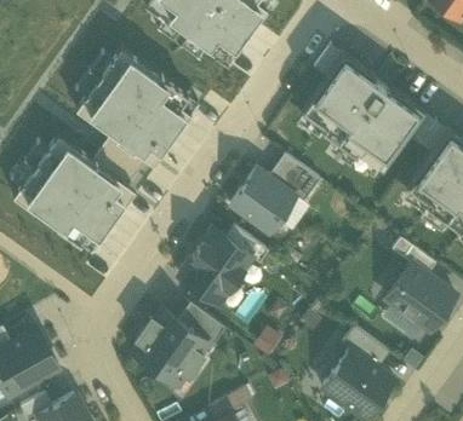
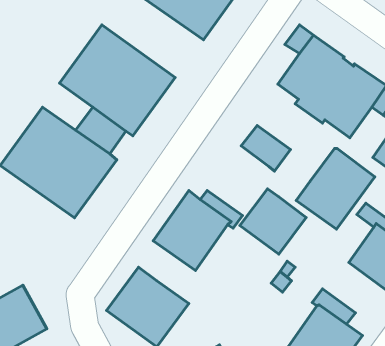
building: [228,169,298,238] -> [240,189,306,254]
building: none -> [296,148,375,229]
building: [179,304,225,345] -> none

